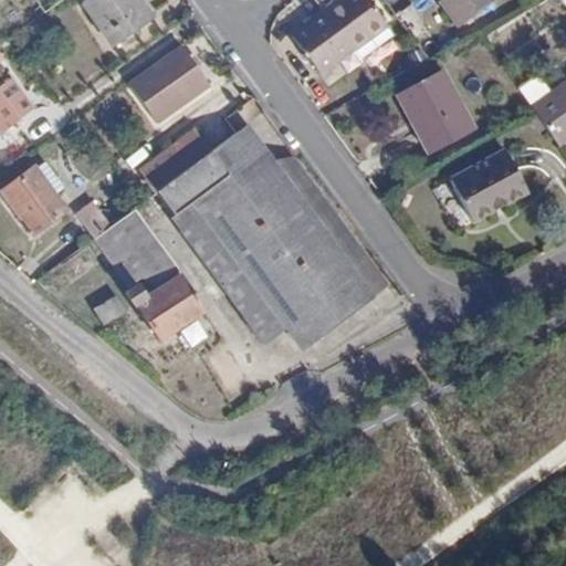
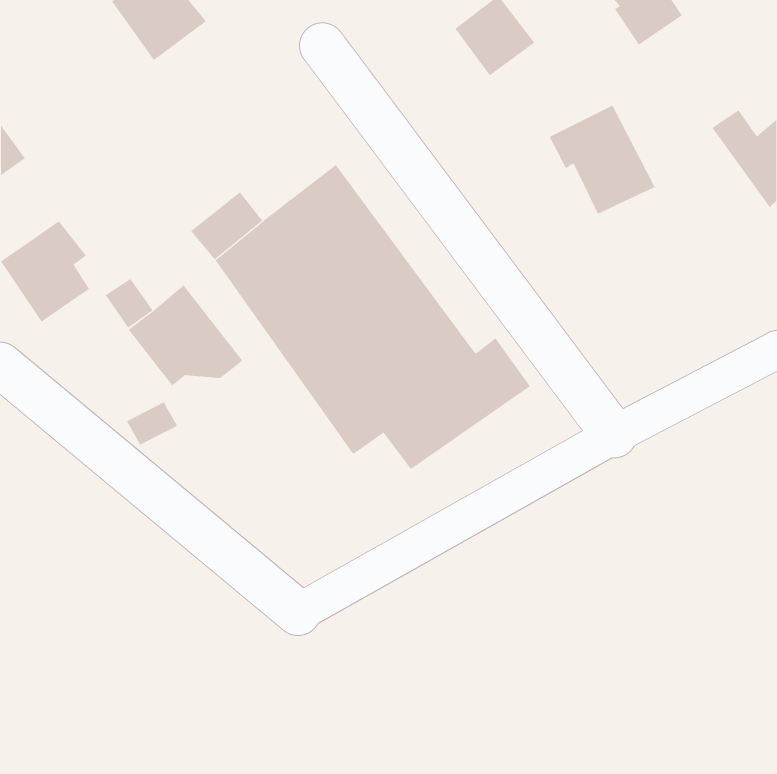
building: [298,21,356,80] -> none
building: [125,44,203,119] -> none
building: [451,157,531,230] -> none
building: [122,273,201,336] -> none

